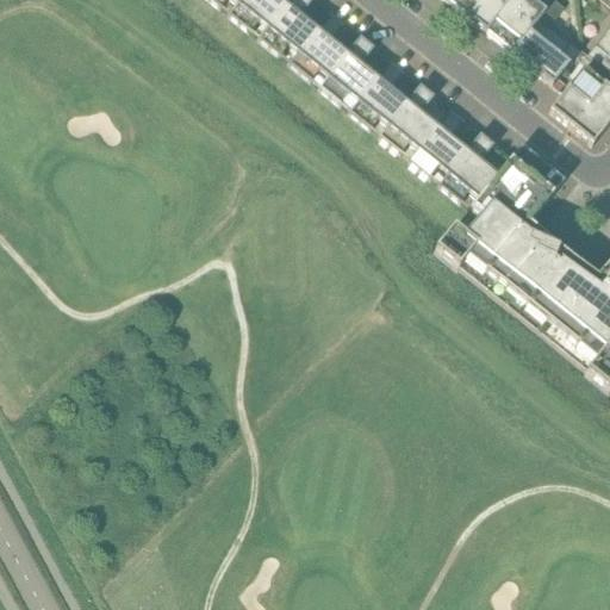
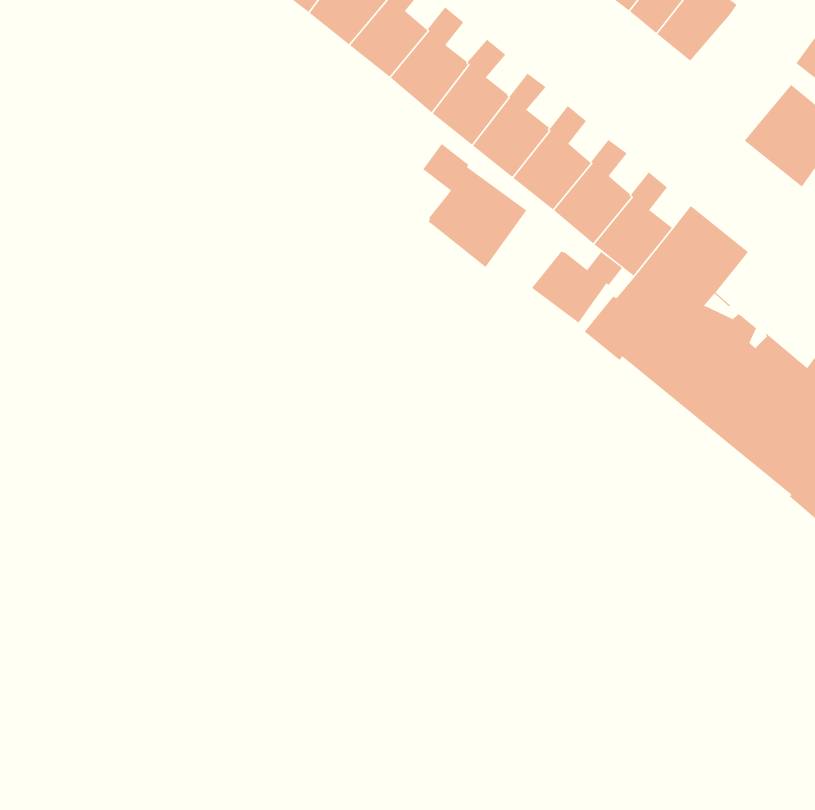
building: [517,11,587,79] -> none
building: none -> [422,143,527,268]
building: none -> [531,250,623,323]

